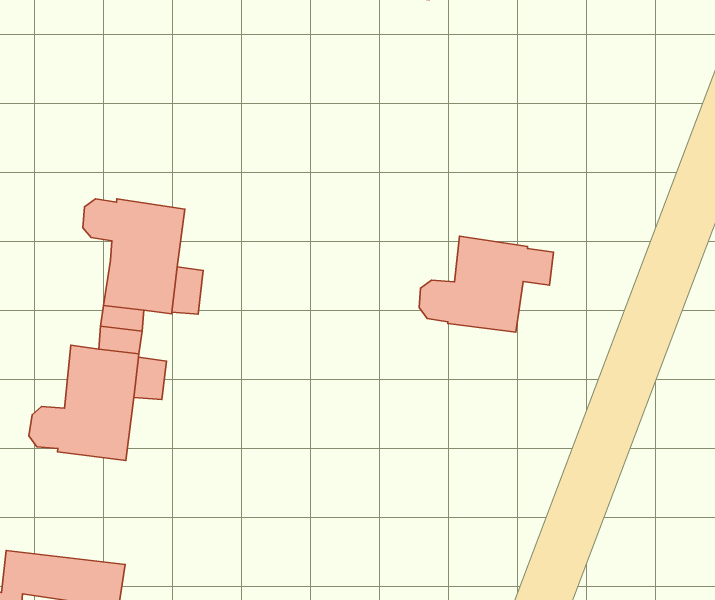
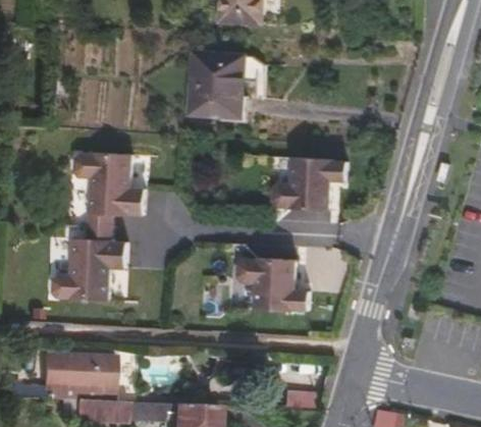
building: none -> [190,51,258,117]
building: none -> [231,255,304,308]

